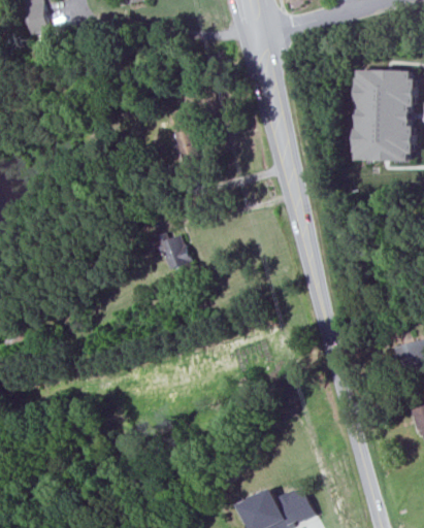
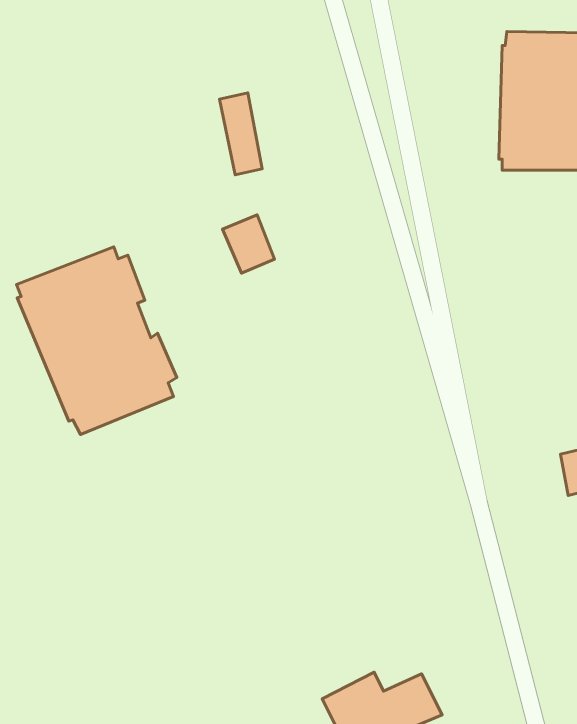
building: none -> [16,247,177,435]
building: [156,232,190,270] -> [222,215,274,273]

